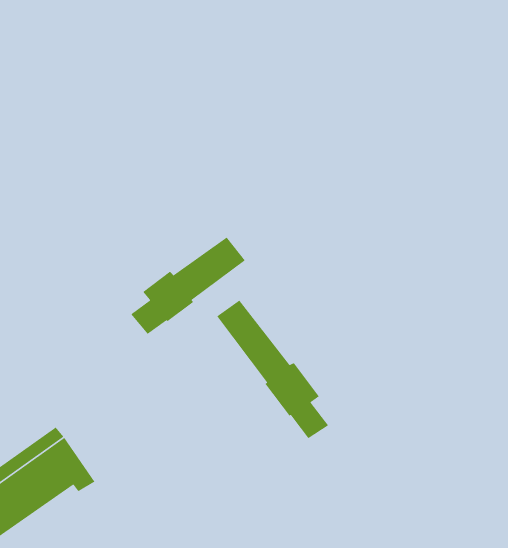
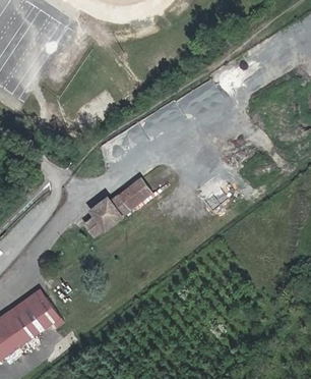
building: [216,300,329,439] -> none

